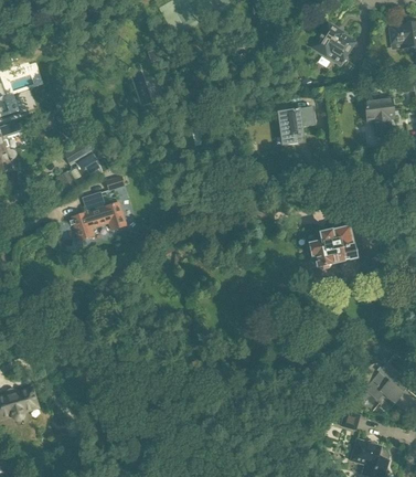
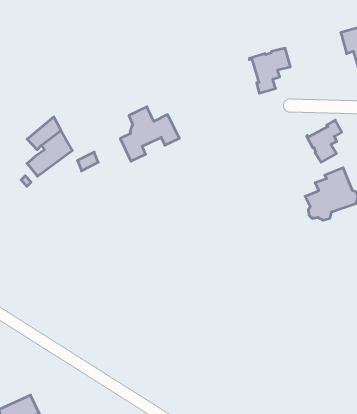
building: none -> [307,120,342,162]
building: [72,192,126,240] -> [120,107,179,161]

